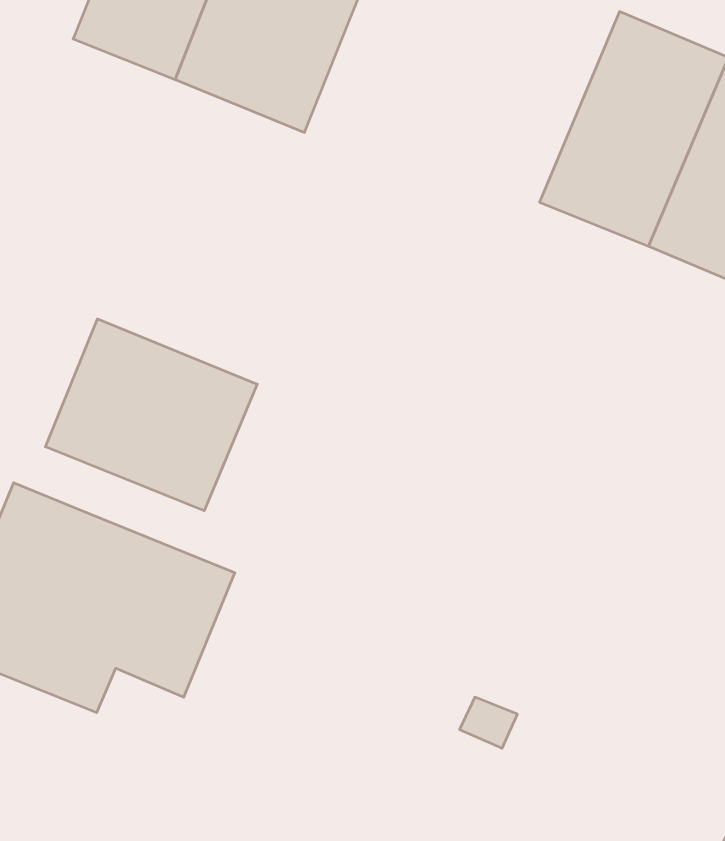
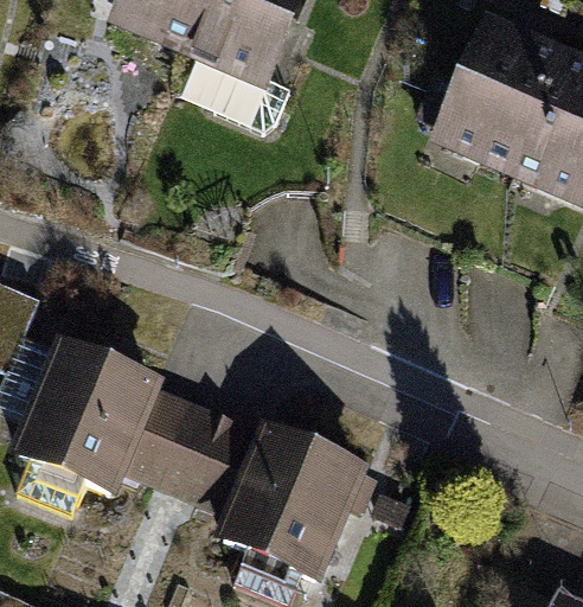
building: [45,319,257,511] -> none
building: none -> [180,402,374,583]

